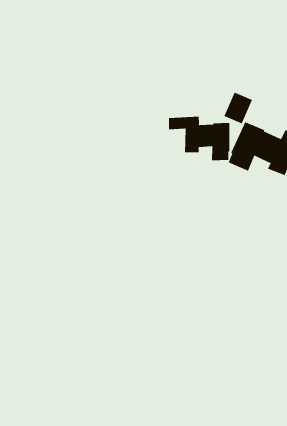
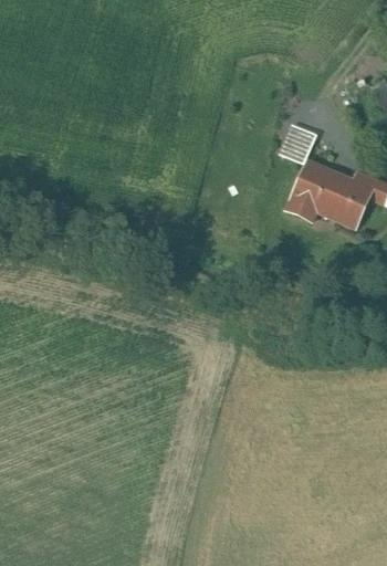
building: [168,116,230,161] -> none

